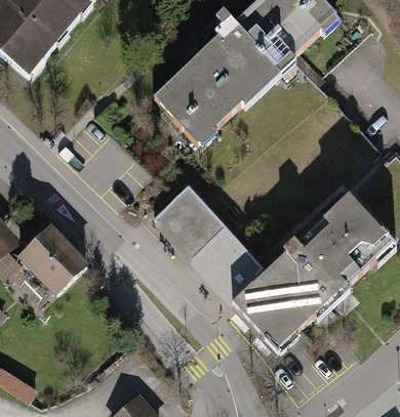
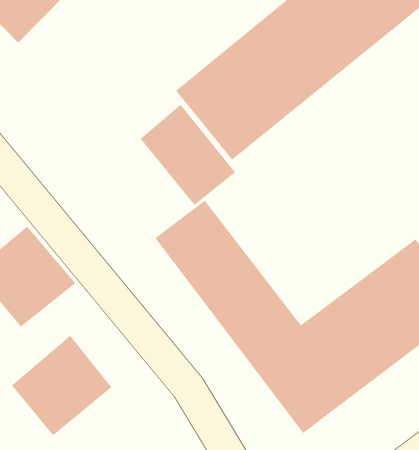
building: none -> [140,104,236,206]
building: none -> [11,335,112,436]

